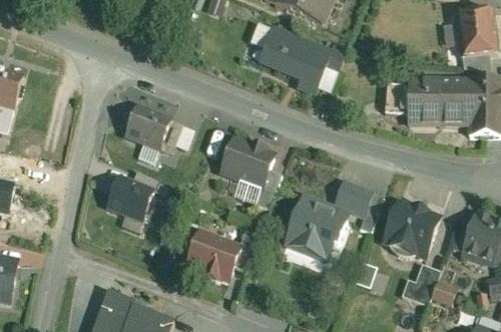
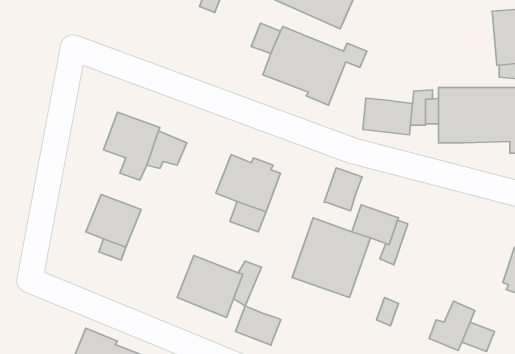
building: none -> [363,98,412,135]
building: none -> [324,168,362,211]
building: [383,199,446,258] -> none
building: none -> [235,306,281,345]

